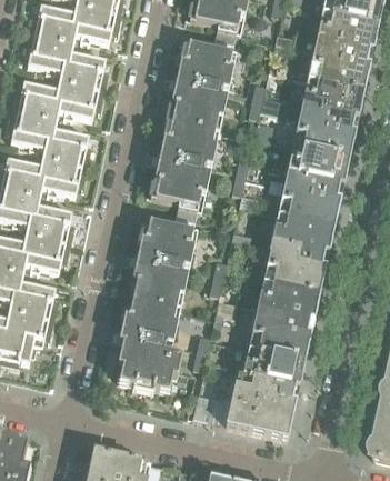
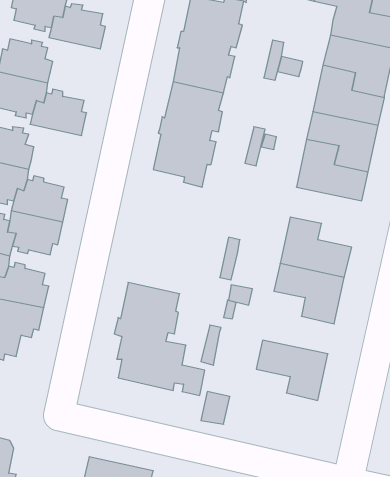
building: [54,79,103,118] -> none
building: [37,156,87,194] -> none
building: [128,207,196,305] -> none
building: [271,211,334,264] -> none
building: [247,303,310,359] -> none
building: [224,371,296,438] -> none

